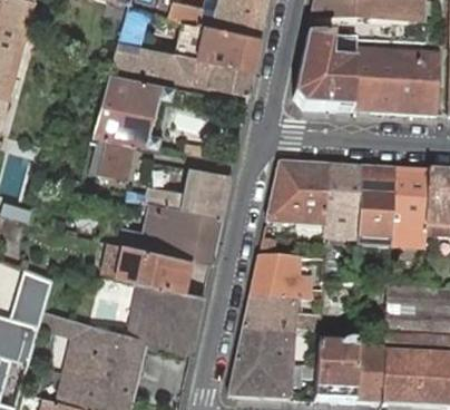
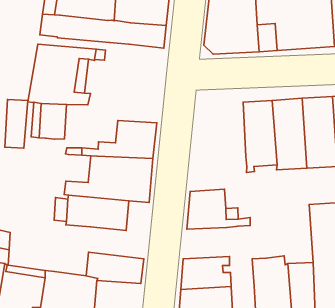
building: none -> [5,99,28,148]
building: [266,162,329,242] -> none
building: [138,281,204,323] -> none
building: [242,296,319,334] -> none

